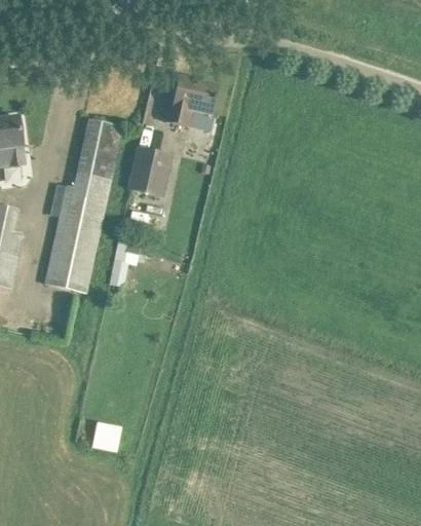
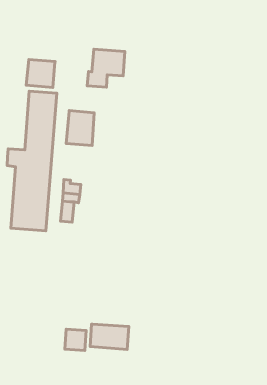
building: none -> [26,59,55,88]
building: none -> [90,324,129,350]

